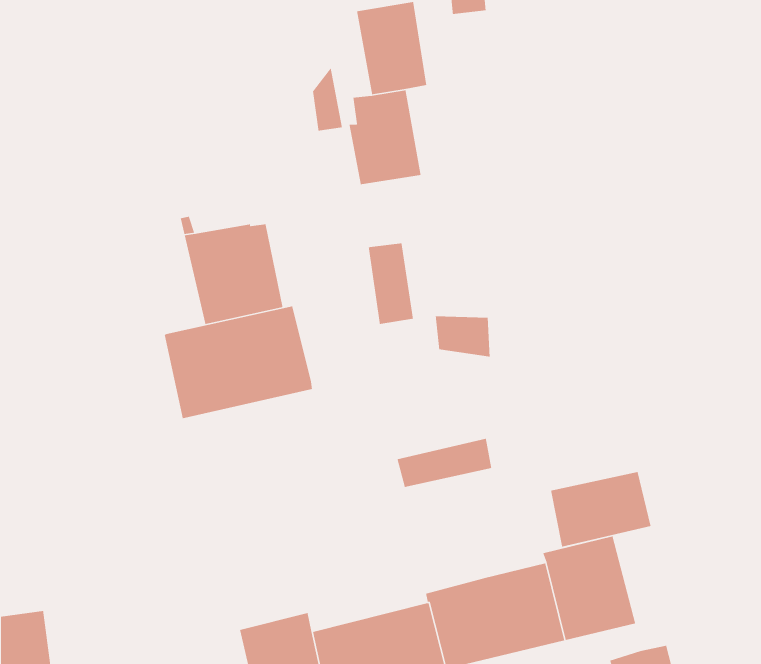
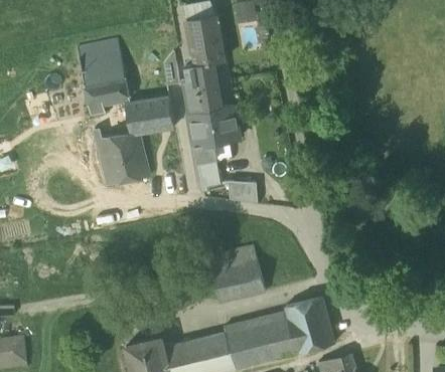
building: none -> [78,39,130,116]
building: none -> [127,97,174,134]
building: none -> [189,106,239,145]
building: [164,306,313,419] -> none
building: [550,471,652,548] -> [212,261,266,302]

